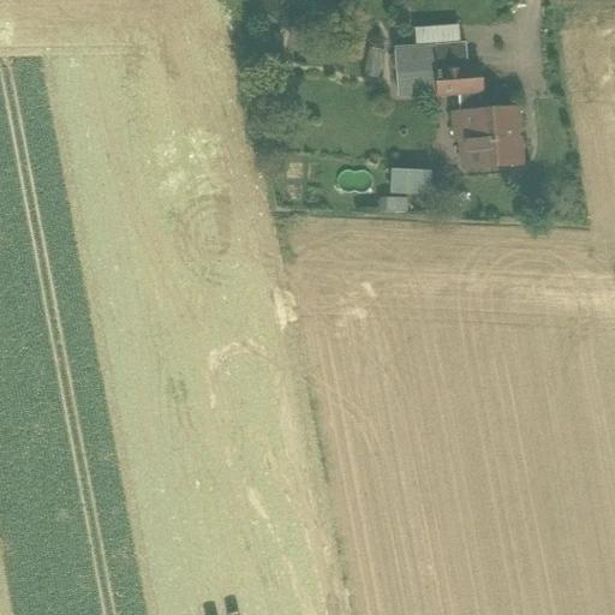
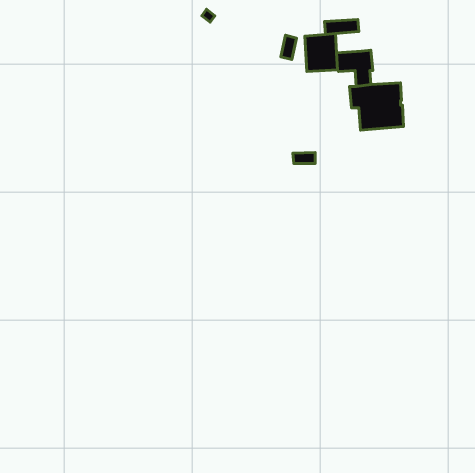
building: [434,41,467,68] -> none
building: [389,168,431,195] -> none

